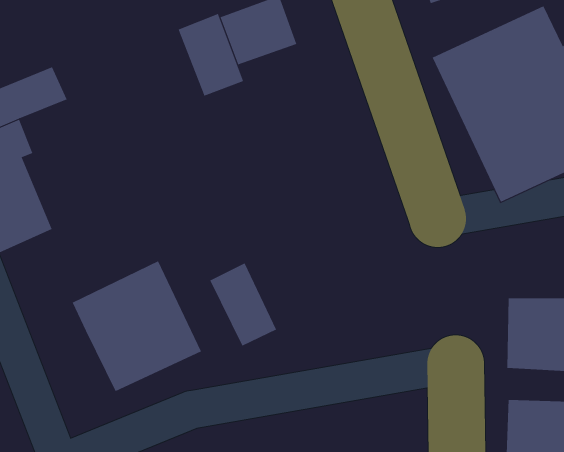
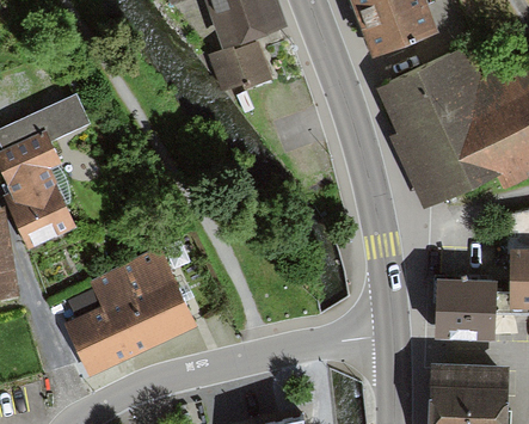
building: [178,13,244,96] -> none
building: [209,263,277,346] -> none
building: none -> [61,308,122,375]

